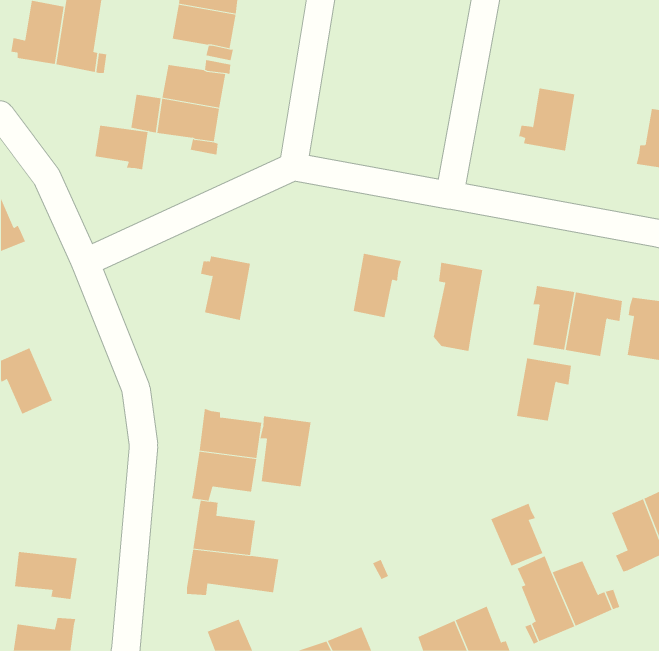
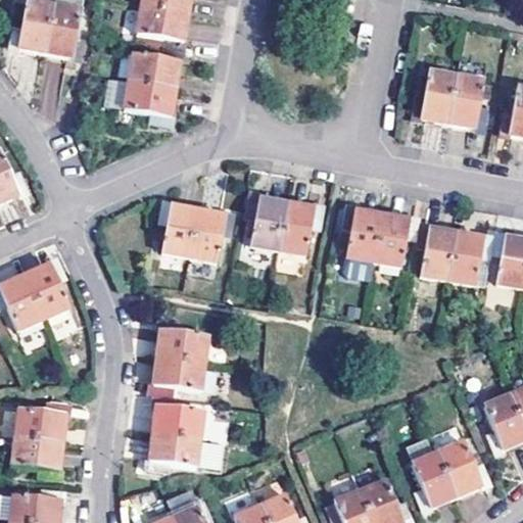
building: none -> [448,75,485,125]
building: [95,125,148,170] -> none
building: none -> [251,195,288,246]
building: none -> [191,208,234,258]
building: none -> [25,263,67,317]
building: [516,358,572,421] -> [375,213,419,264]
building: [260,415,311,487] -> none
building: [491,503,543,566] -> none
building: none -> [15,407,66,441]

